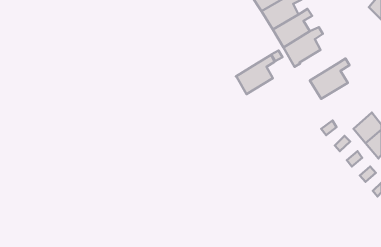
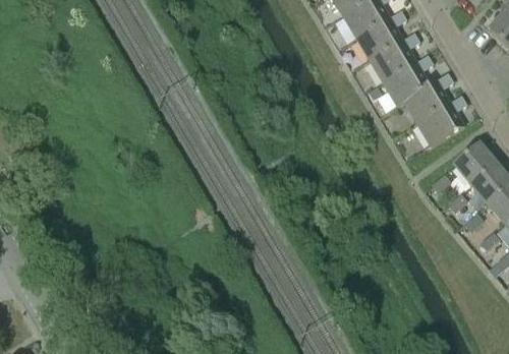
building: [236,55,275,94] -> [402,72,451,122]
building: none -> [454,143,494,183]

